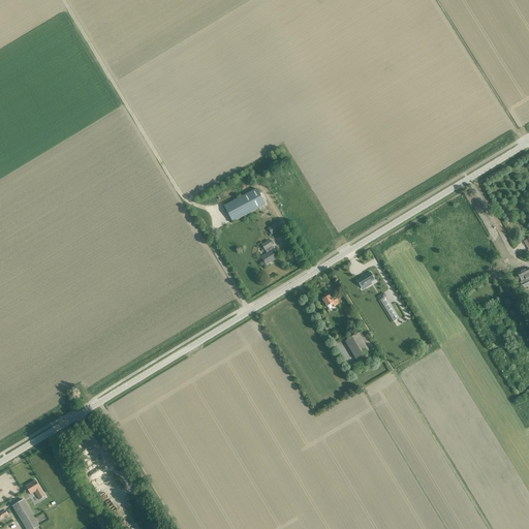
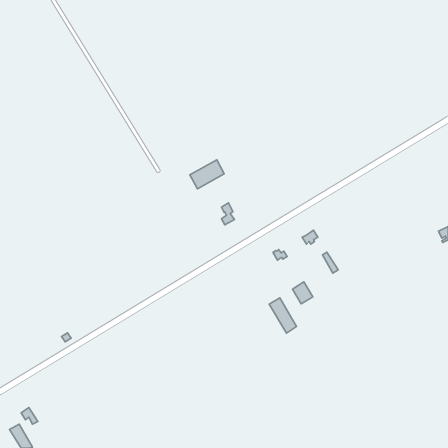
building: none -> [269,298,296,333]

